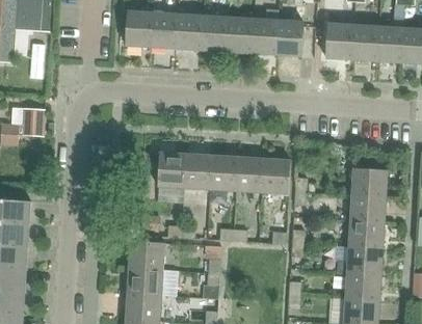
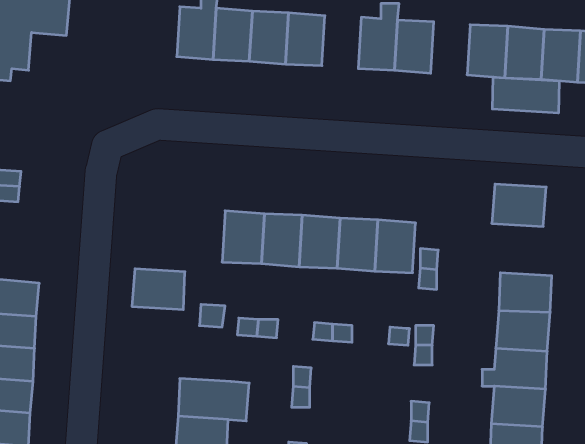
building: [227,18,254,54] -> none
building: none -> [492,77,559,113]
building: [23,108,46,136] -> none
building: [349,167,387,196] -> [492,184,546,226]
building: [129,241,165,269] -> [132,269,185,310]

